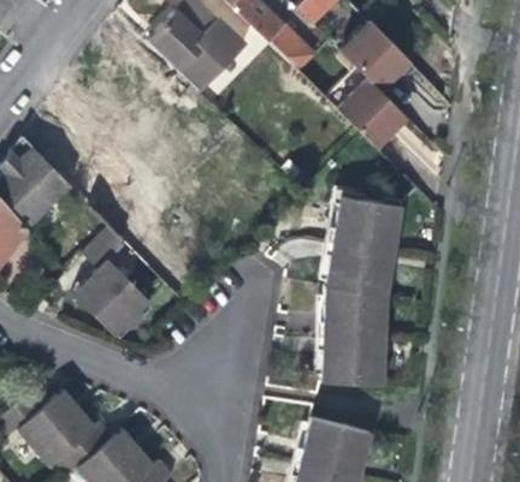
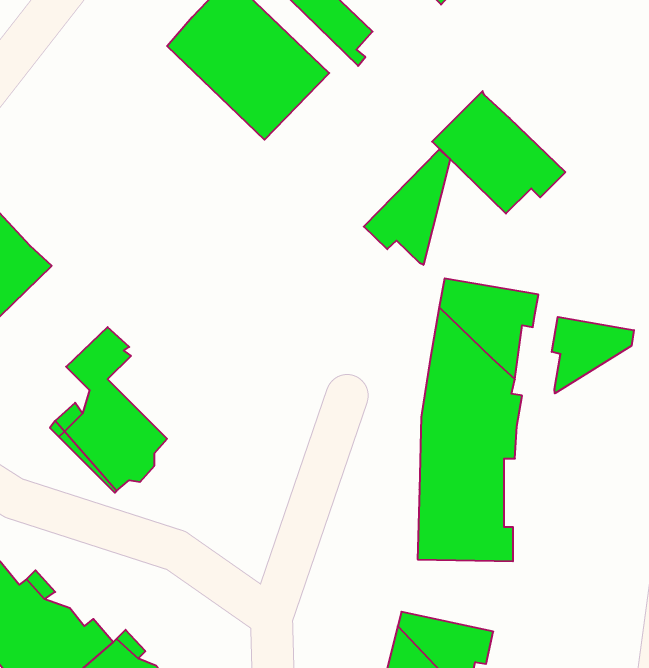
building: [342,22,409,88] -> none
building: none -> [364,149,450,265]
building: none -> [552,317,634,393]

